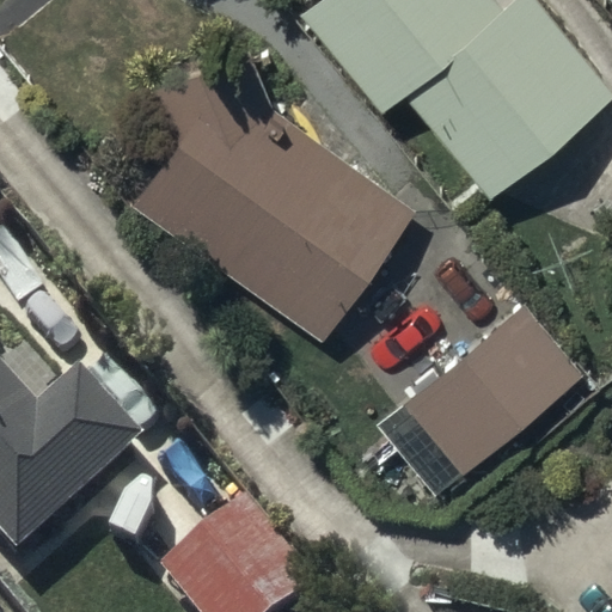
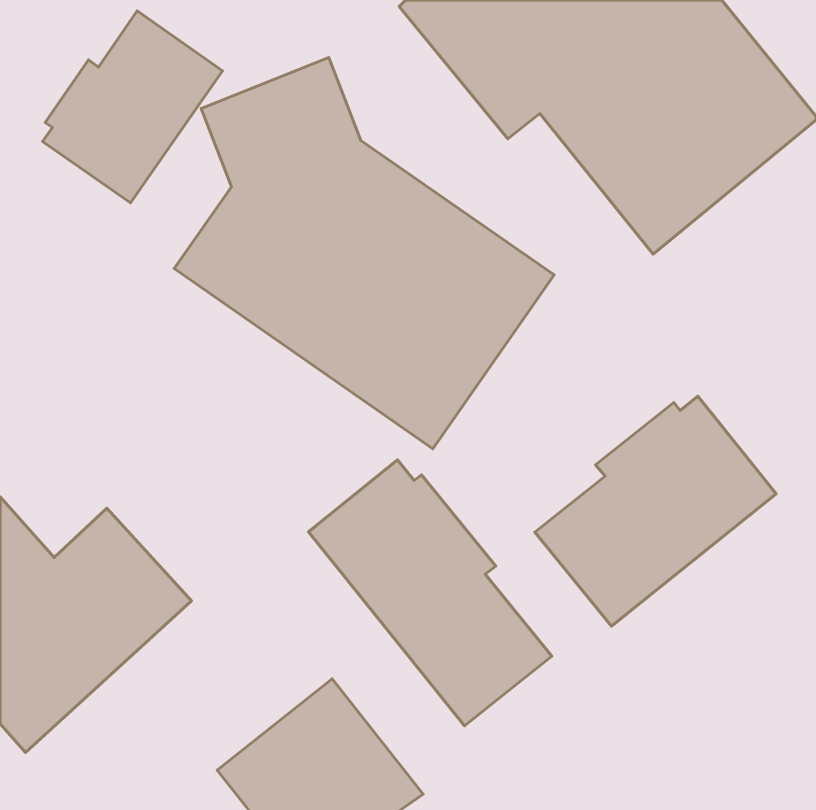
building: none -> [42,11,222,203]
building: none -> [308,460,552,726]

